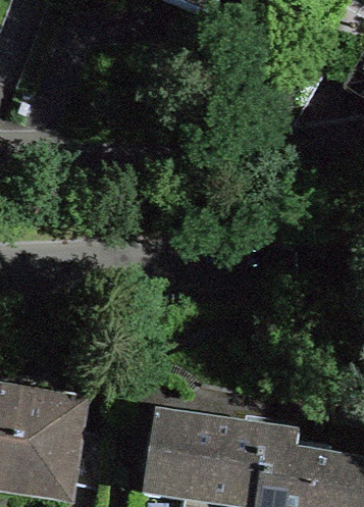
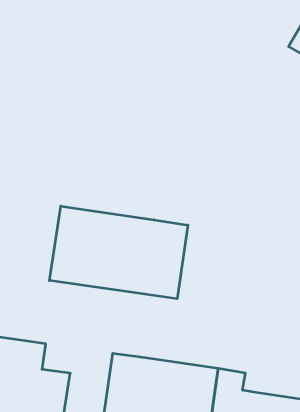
building: none -> [49,206,188,299]

